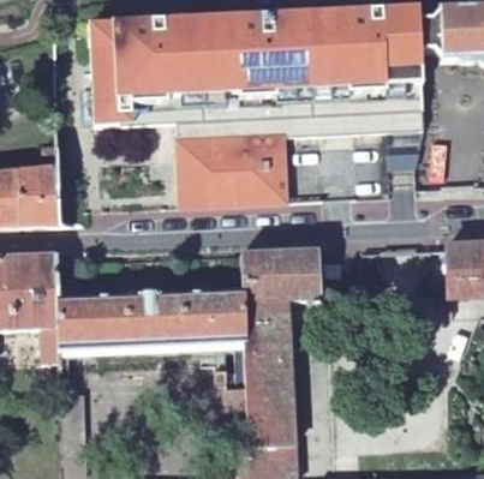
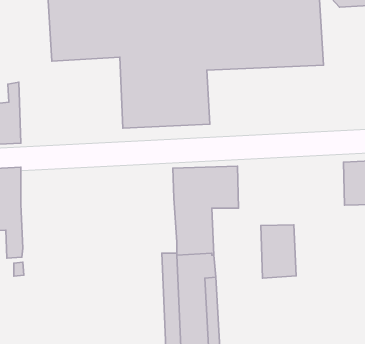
building: [59,287,246,347] -> none
building: none -> [261,225,296,278]

